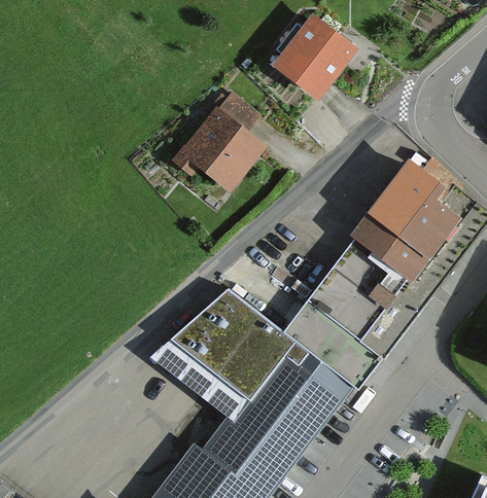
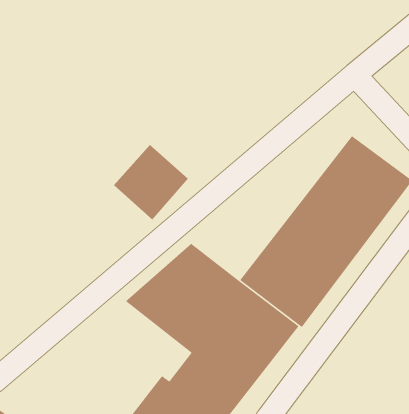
building: [282,26,355,99] -> none
building: [182,105,270,193] -> [113,144,189,221]

